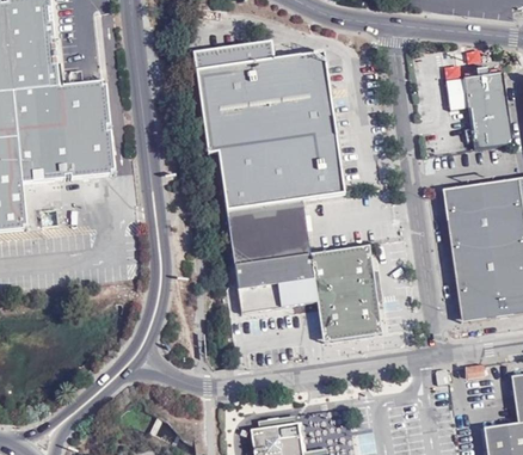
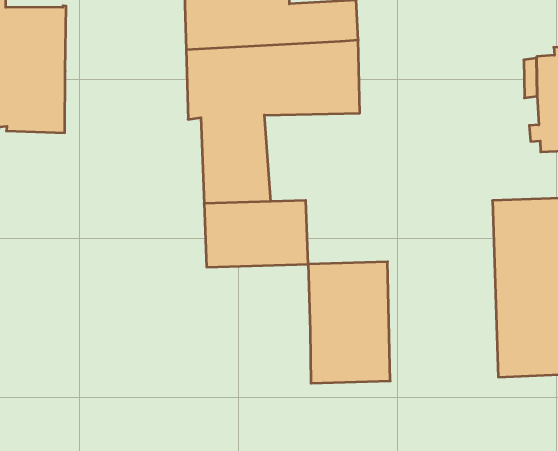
building: [264,134,344,208] -> none
building: [233,252,316,313] -> none

